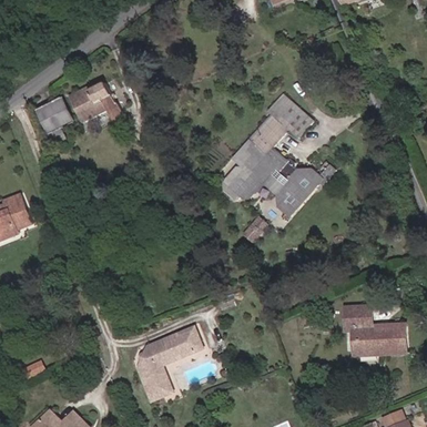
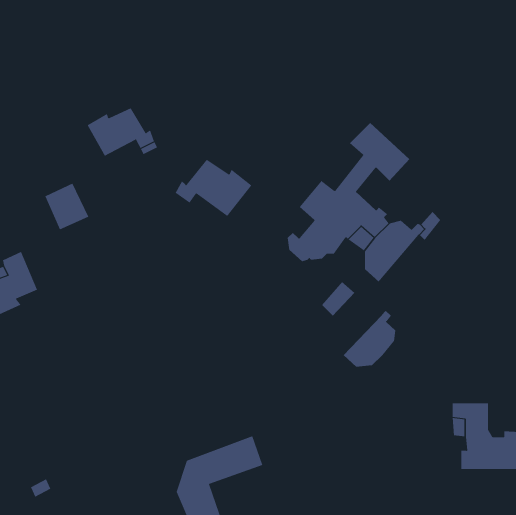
building: [40,96,73,132] -> [45,183,89,230]
building: none -> [175,159,252,217]
building: none -> [343,310,396,367]

